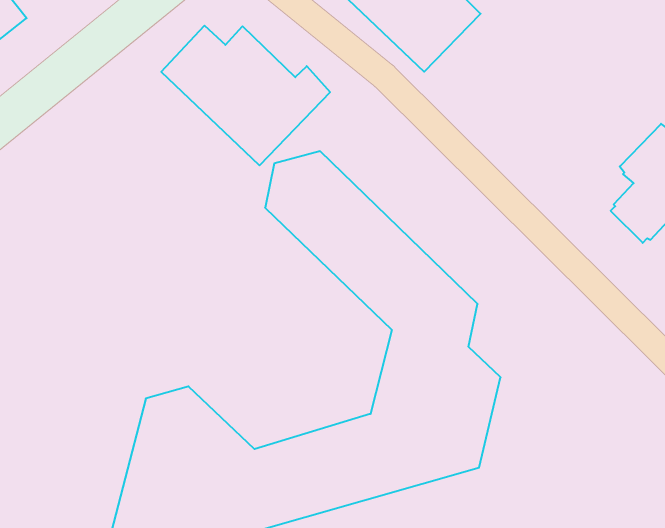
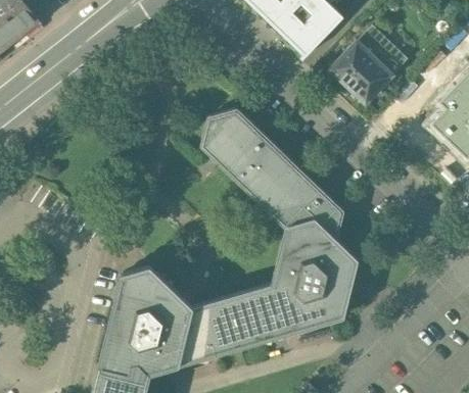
building: [161,26,330,165] -> none
building: none -> [331,27,405,101]

